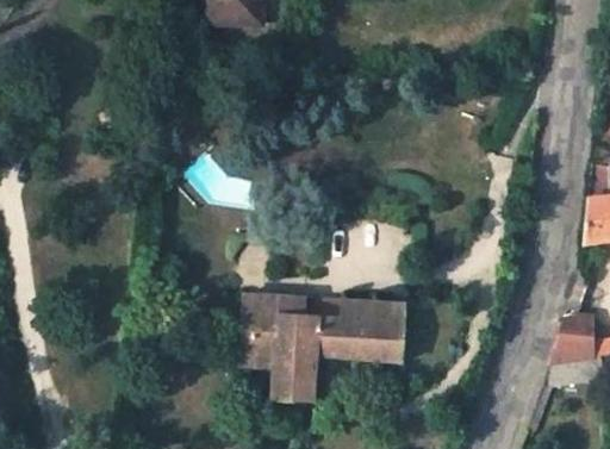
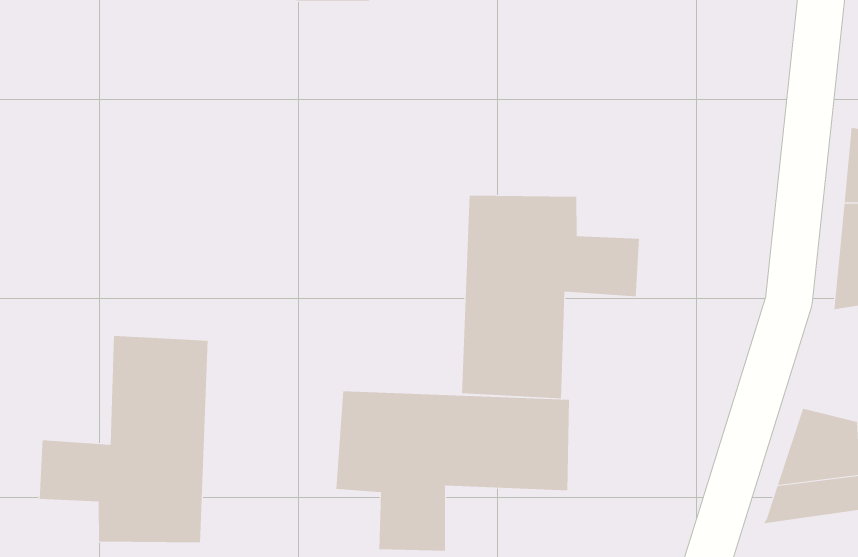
building: none -> [462,195,639,399]
building: none -> [39,335,208,543]

